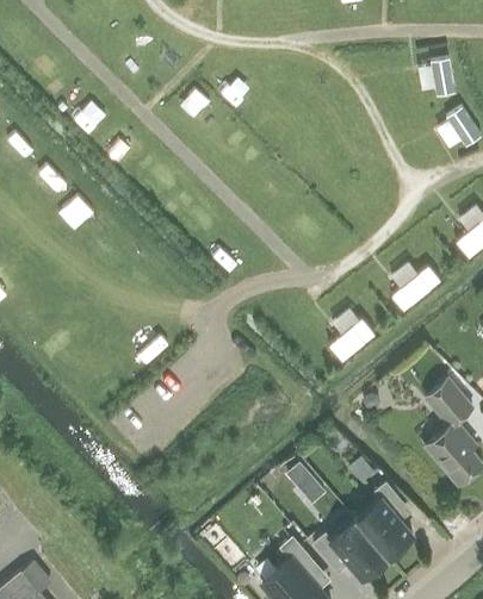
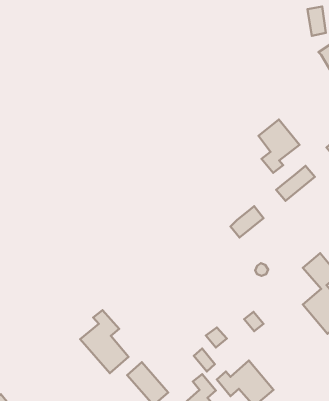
building: none -> [259,120,299,173]
building: none -> [80,310,129,373]
building: [355,482,413,557] -> none

